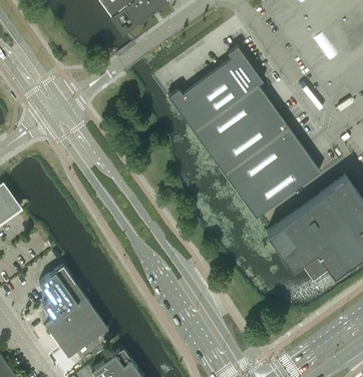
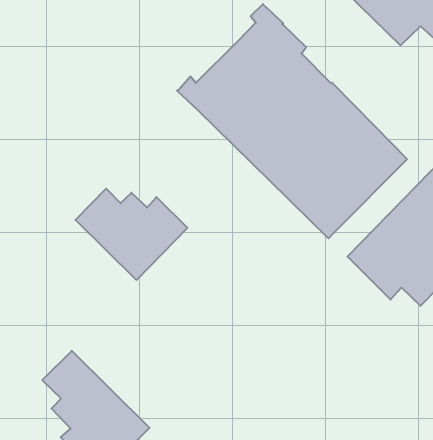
building: none -> [75,189,187,280]

